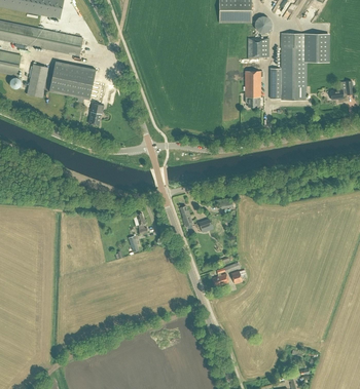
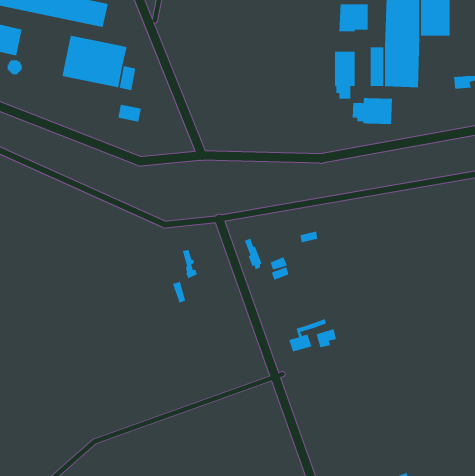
building: [27,65,48,98] -> none
building: none -> [352,97,393,125]

